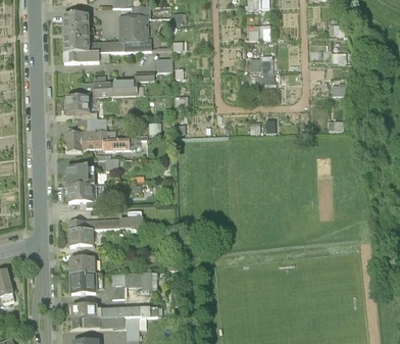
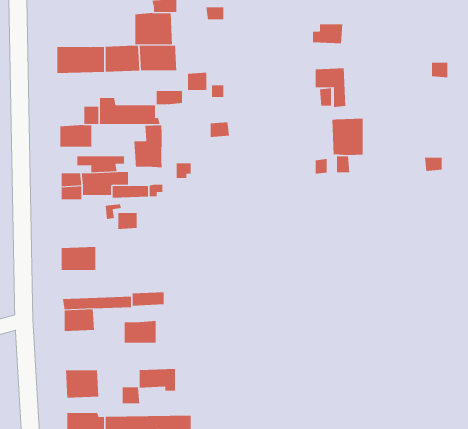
building: [63,15,89,41] -> none
building: none -> [332,118,363,156]
building: none -> [134,125,162,168]
building: [67,169,98,186] -> none
building: [70,257,94,274] -> [124,320,156,343]

